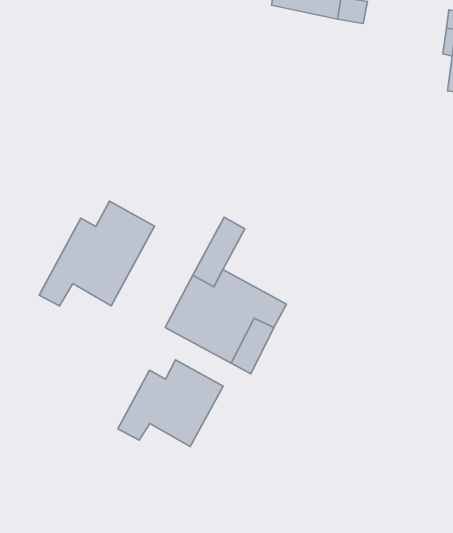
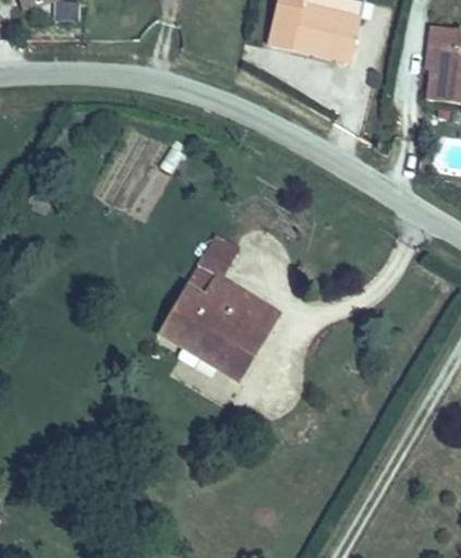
building: [39,201,154,306] -> none
building: [118,360,223,447] -> none

